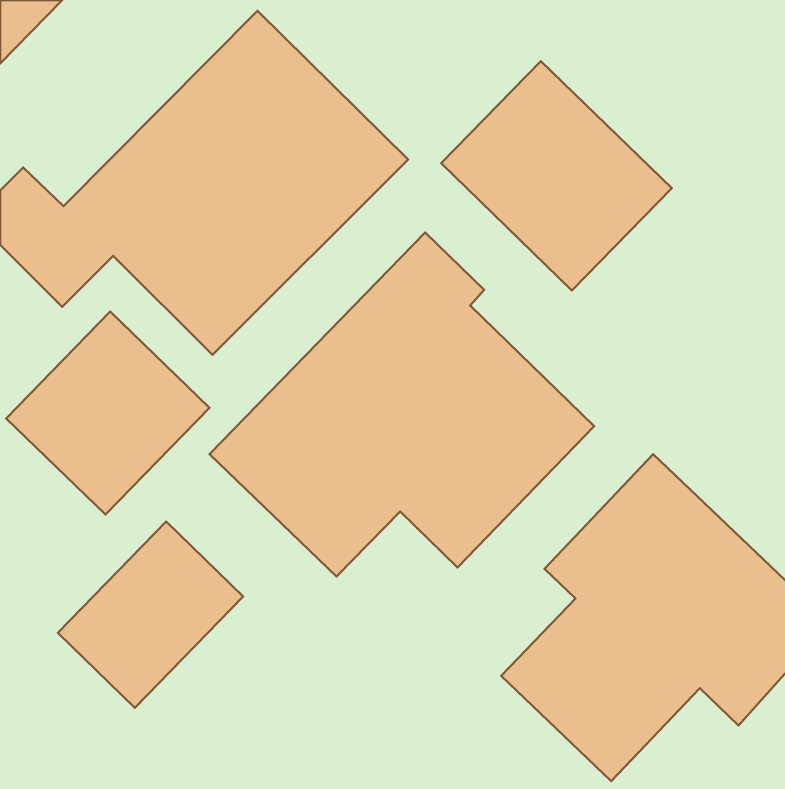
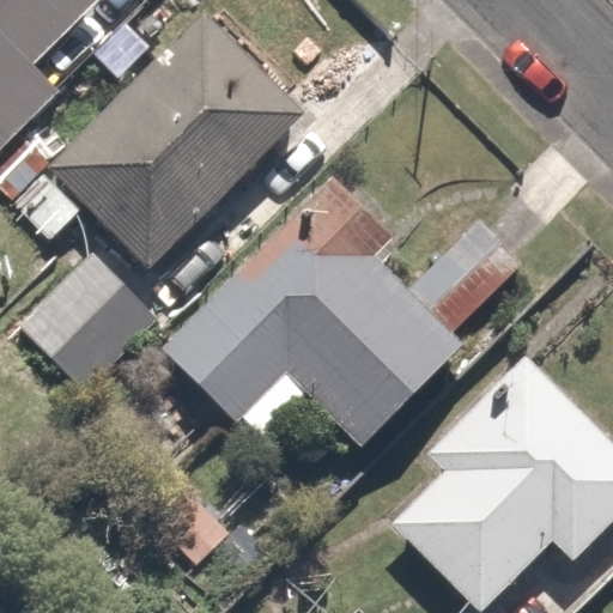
building: [441,61,672,290] -> none
building: [58,521,243,708] -> none

